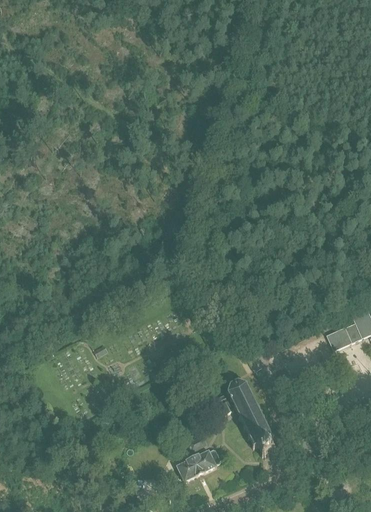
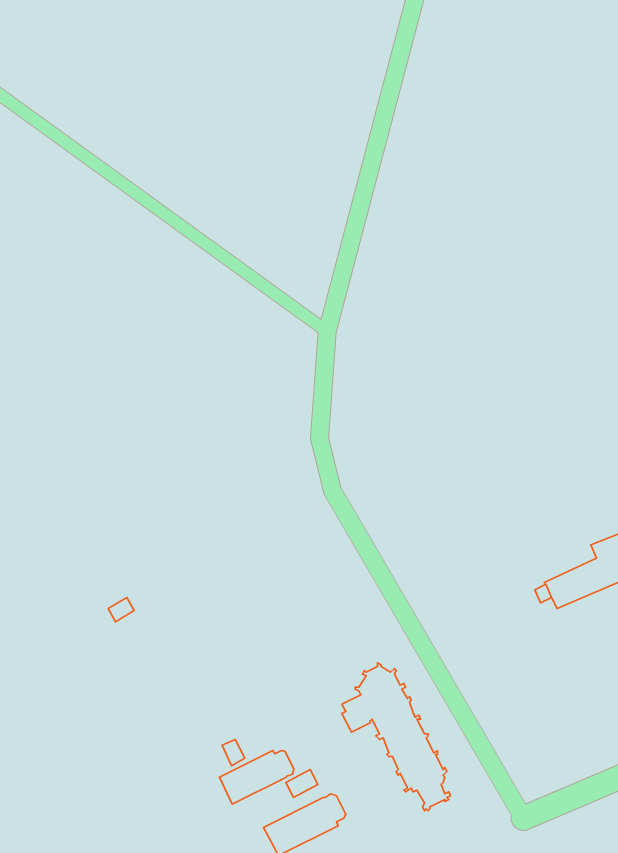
building: none -> [220,750,294,804]

